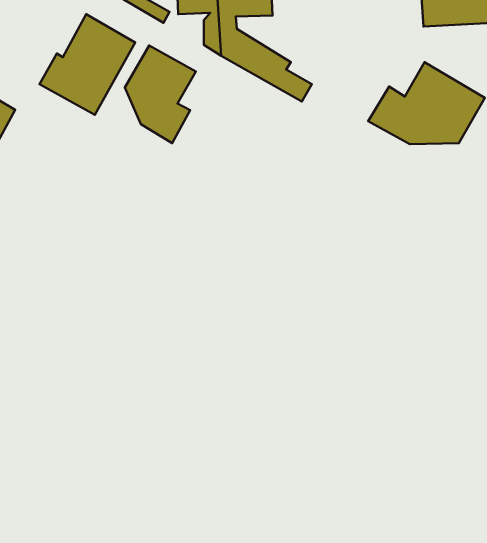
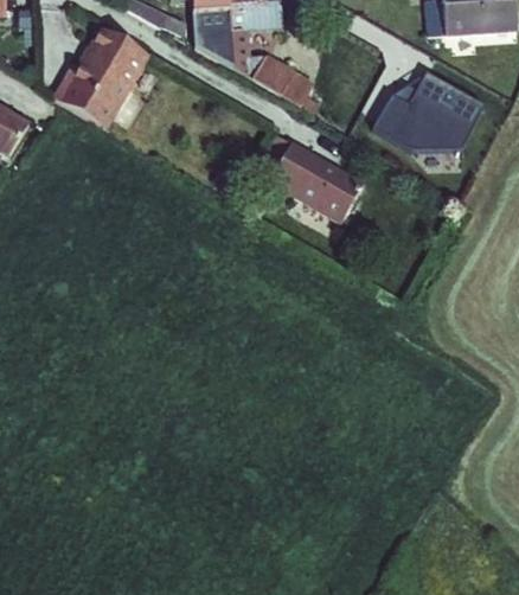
building: [125,45,196,143] -> none
building: none -> [268,142,361,223]

